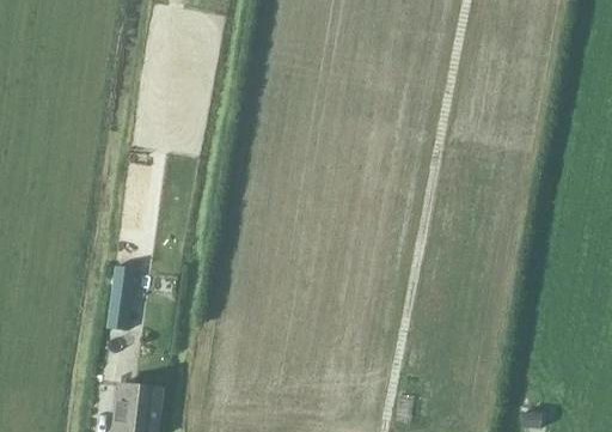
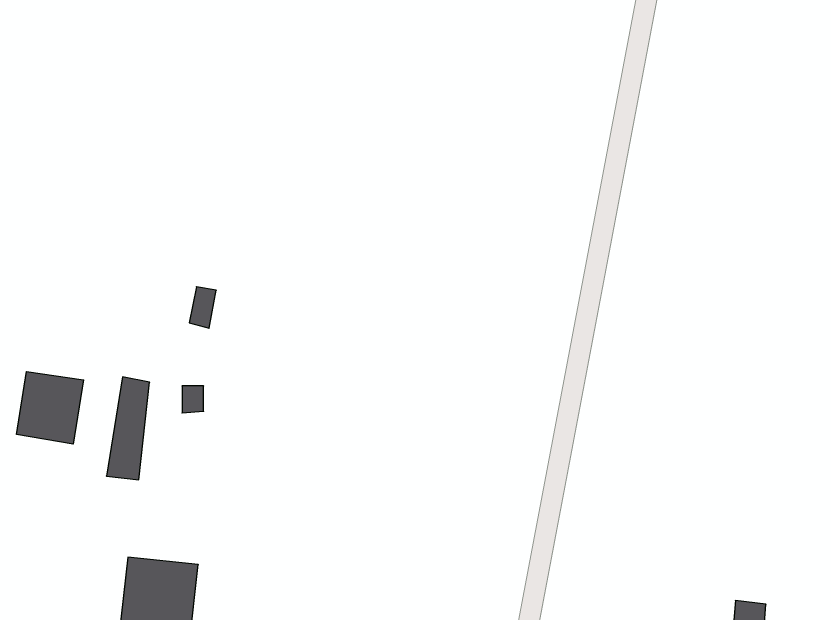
building: none -> [17,372,84,444]

